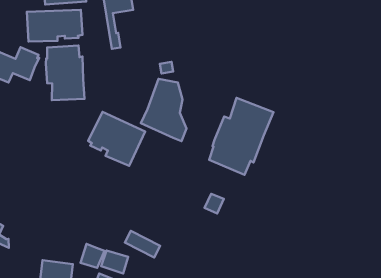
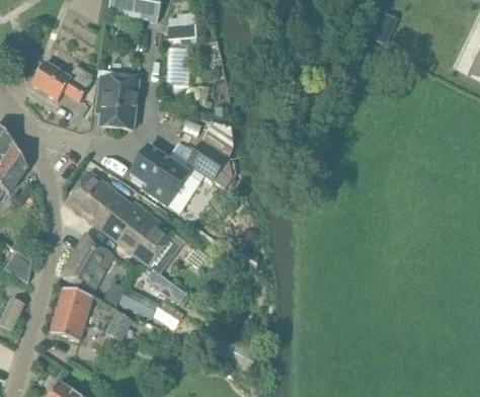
building: [27,10,82,42] -> none
building: [209,98,274,175] -> none
building: none -> [67,172,175,267]
building: none -> [62,233,113,292]

